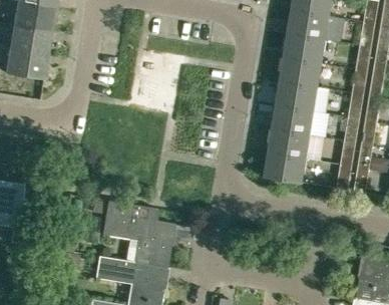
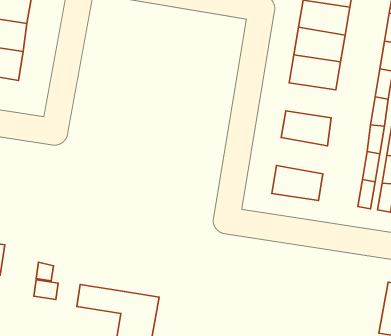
building: [276,82,319,112] -> none
building: [268,129,312,161] -> none
building: [102,200,174,267] -> none

